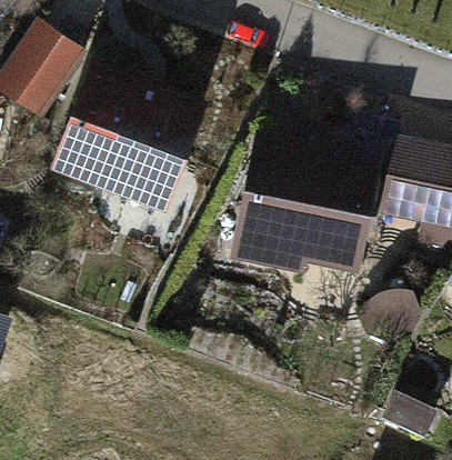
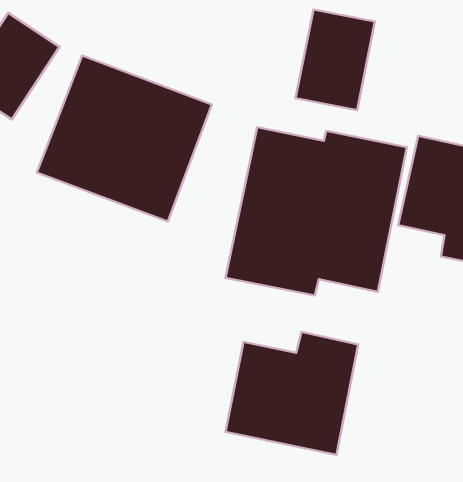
building: none -> [296,10,375,110]
building: none -> [226,332,358,455]

